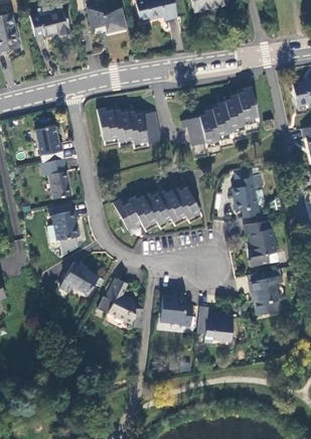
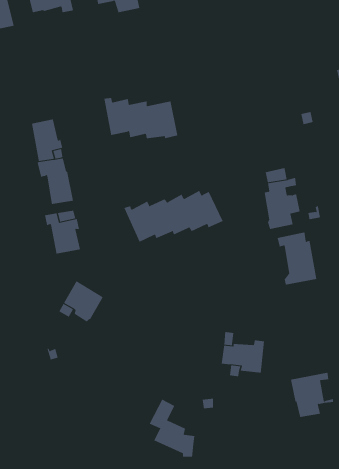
building: [179,86,259,158] -> none
building: [249,276,286,314] -> [290,372,334,418]
building: [104,277,143,326] -> [149,399,195,457]
building: [159,294,191,325] -> none

